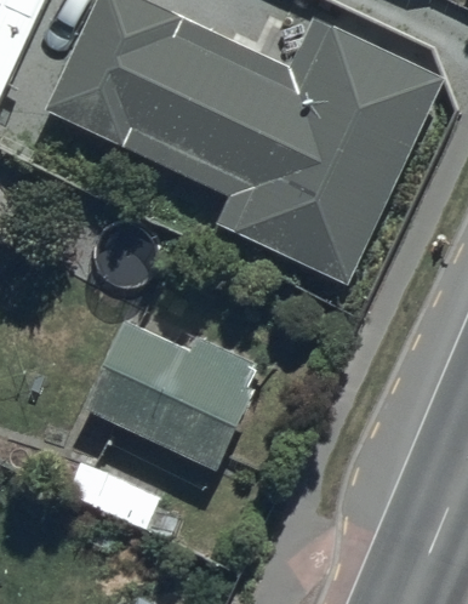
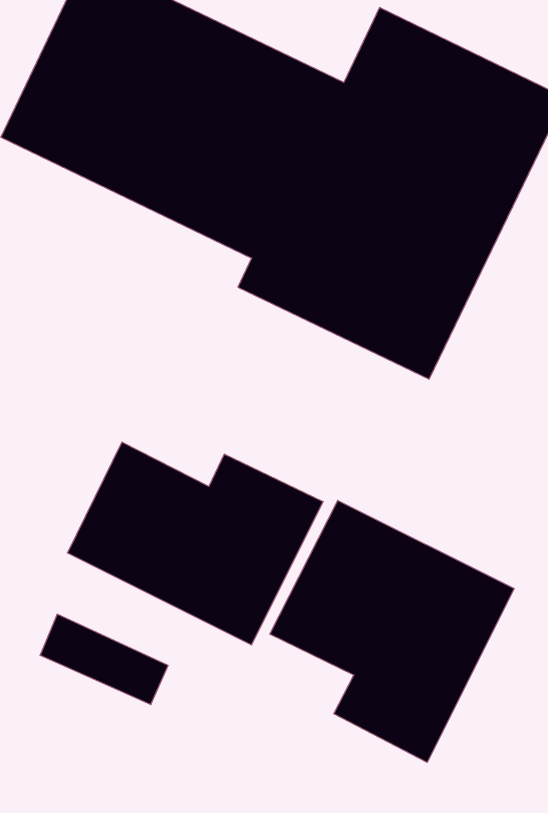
building: none -> [270,500,514,762]

